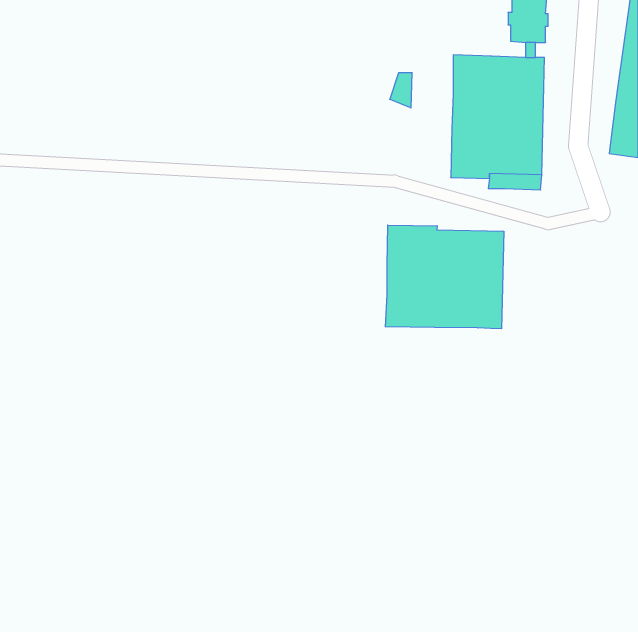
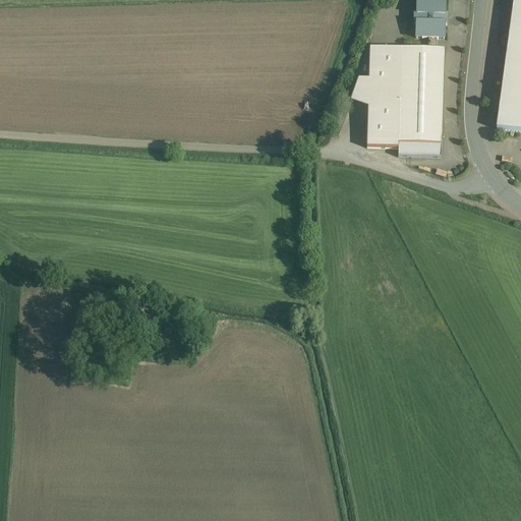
building: [390,73,412,108] -> [351,76,369,105]
building: [385,225,504,329] -> none

